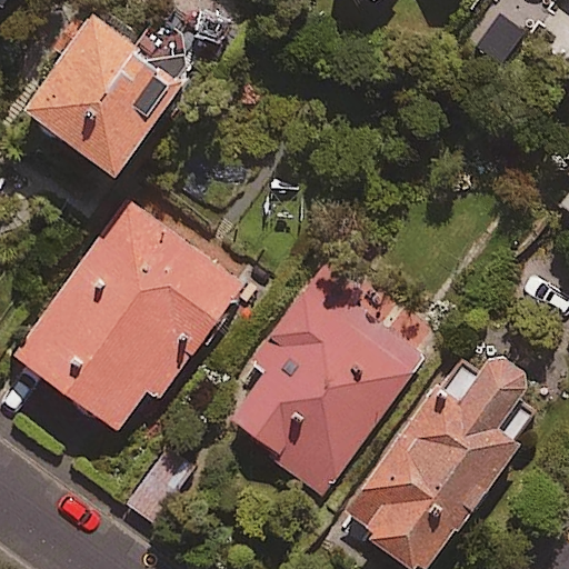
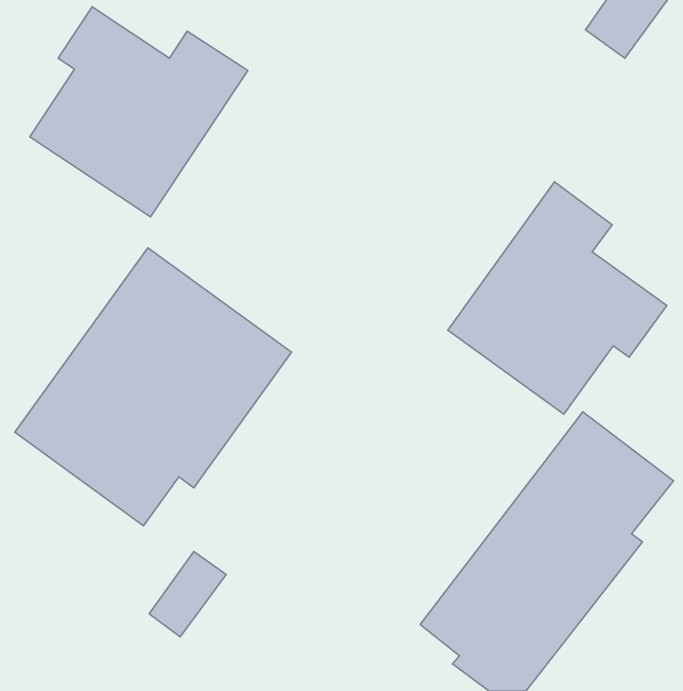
building: none -> [448,182,667,414]
building: [227,266,420,492] -> none

